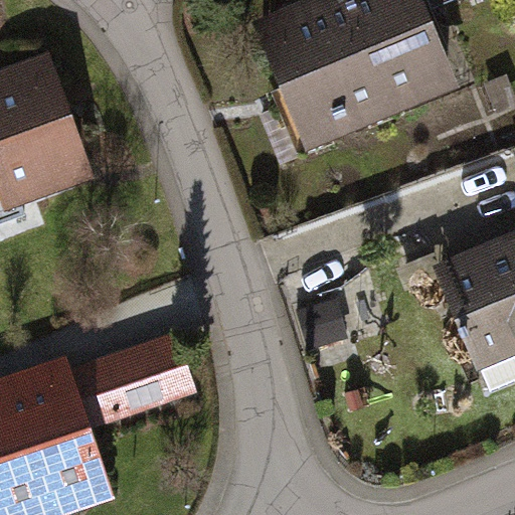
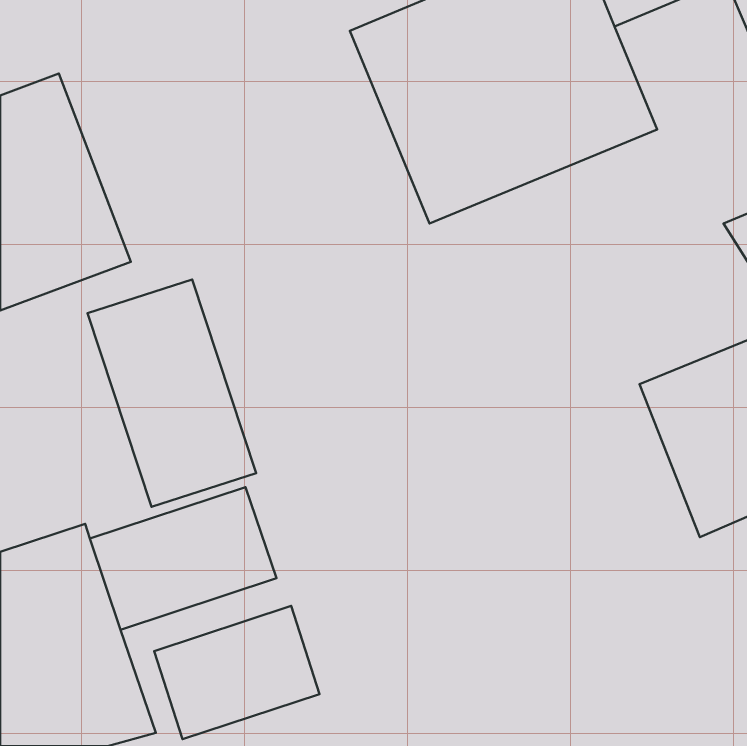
building: none -> [87,279,256,507]
building: none -> [154,606,320,739]

